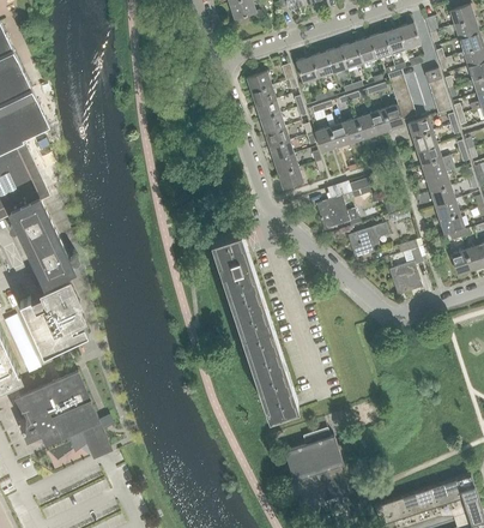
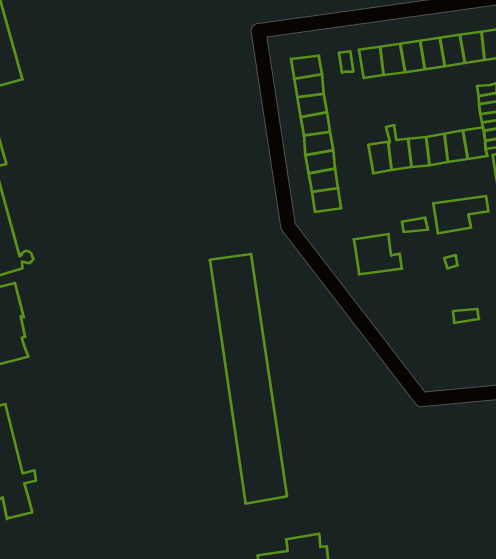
building: [347,223,389,257] -> [433,196,488,233]
building: [388,250,423,295] -> none

